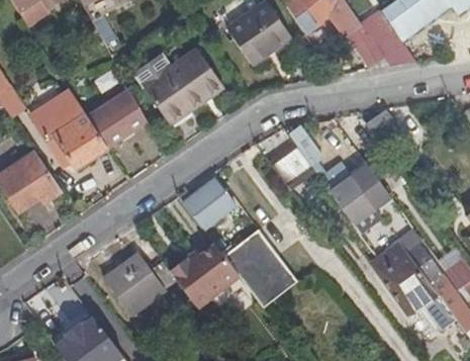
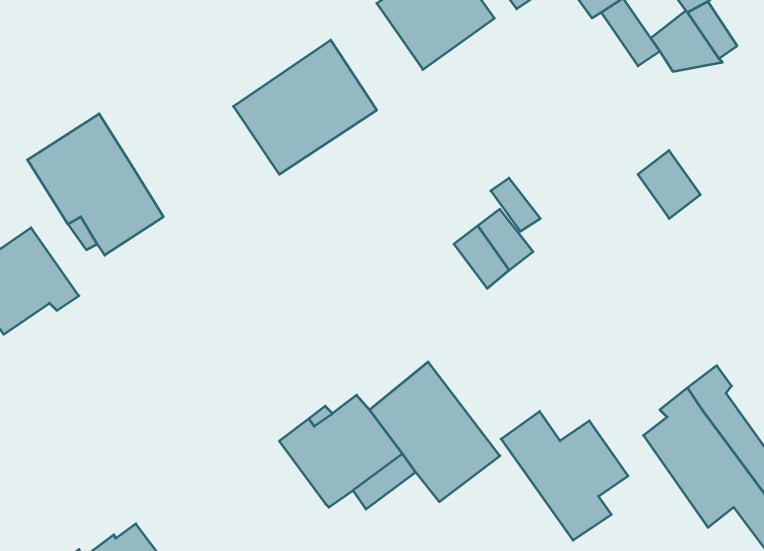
building: [90,90,148,146] -> none
building: [319,161,389,232] -> [501,411,628,540]
building: [183,178,233,230] -> none
building: [104,253,197,313] -> none

